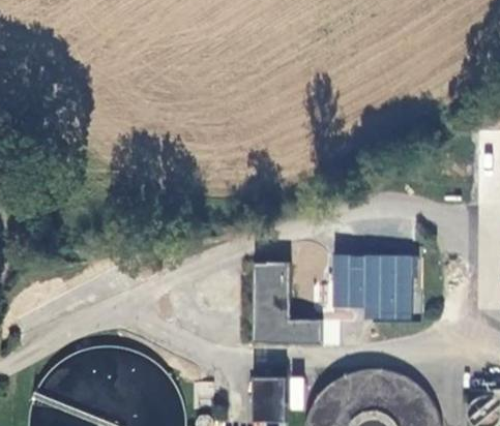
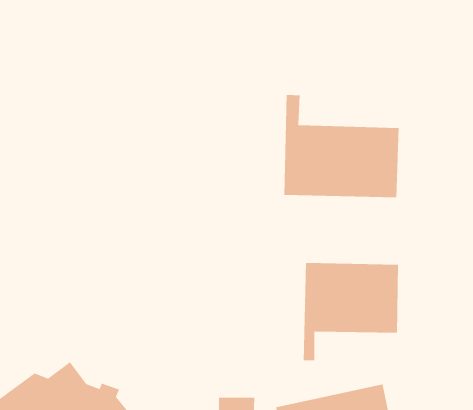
building: none -> [283,94,399,198]
building: [254,262,322,344] -> none

